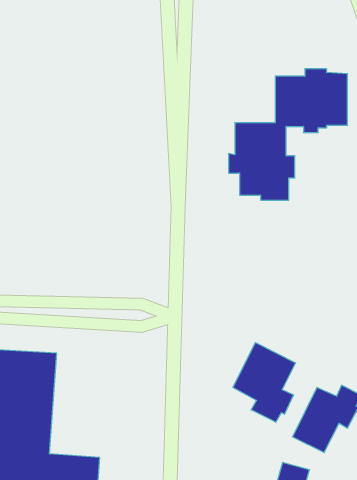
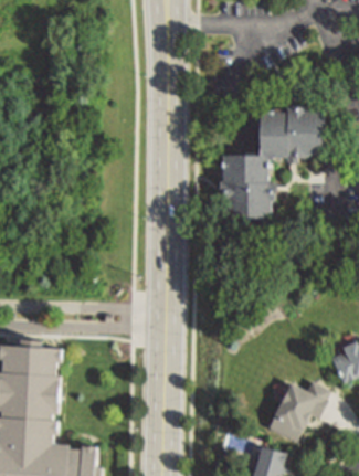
building: [233,343,296,422] -> none

